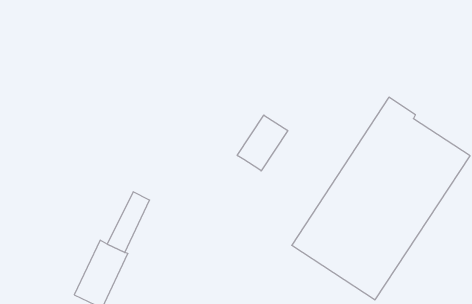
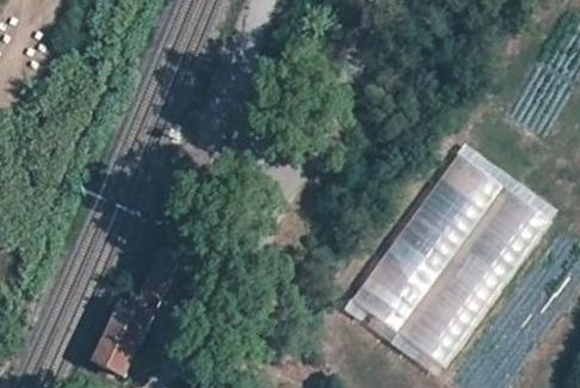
building: [237,115,288,171] -> none

